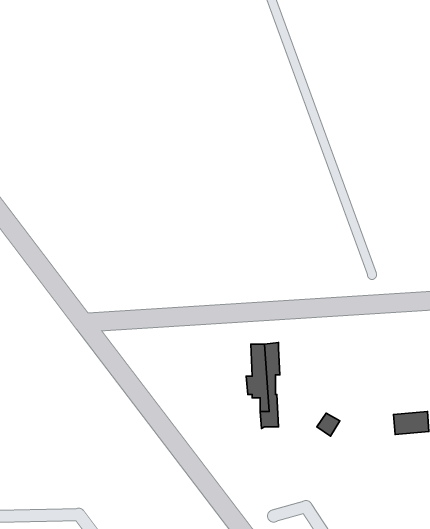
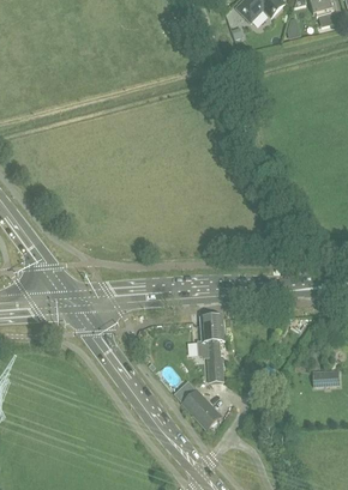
building: none -> [181,387,218,427]

